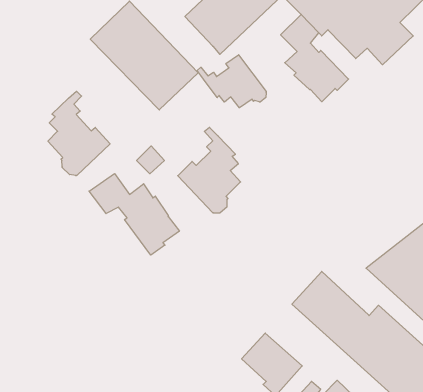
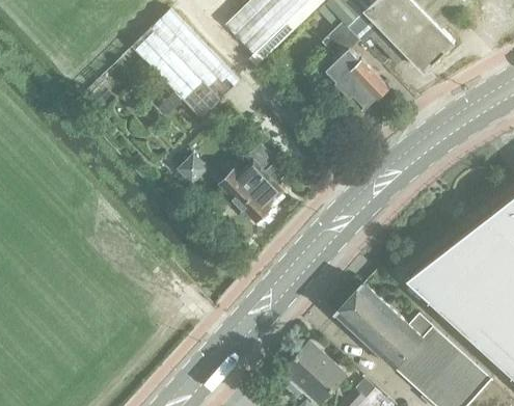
building: [197,55,266,108] -> none
building: [48,91,110,176] -> none
building: [89,174,179,255] -> none

